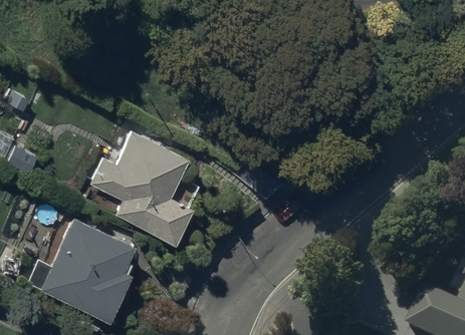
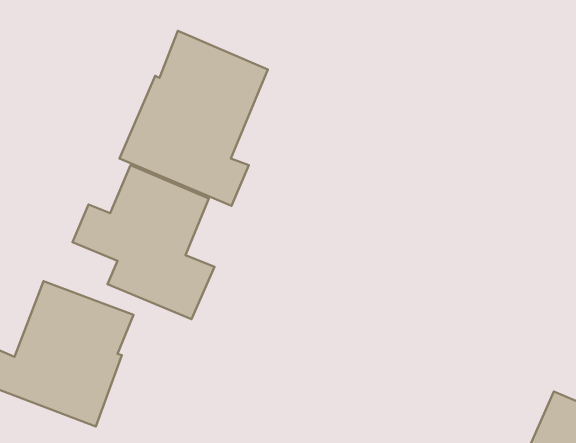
building: none -> [119,31,268,206]

